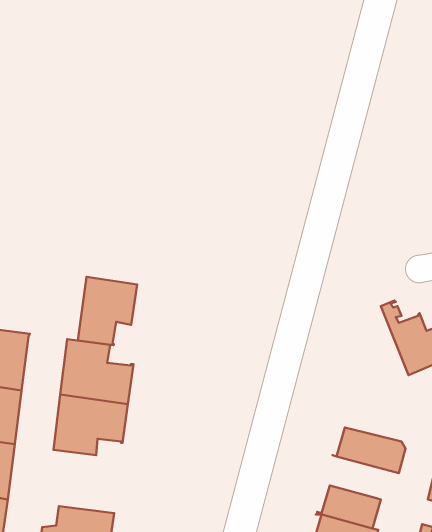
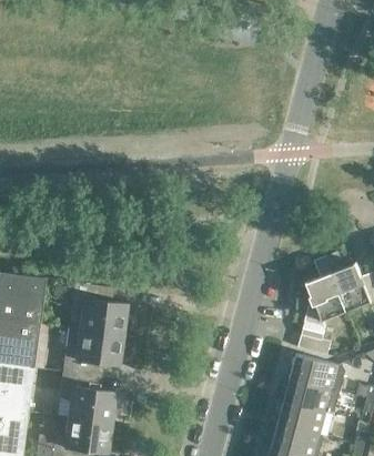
building: [78,277,137,345] -> none
building: none -> [297,256,347,354]
building: none -> [59,372,114,423]
building: none -> [284,376,340,414]

